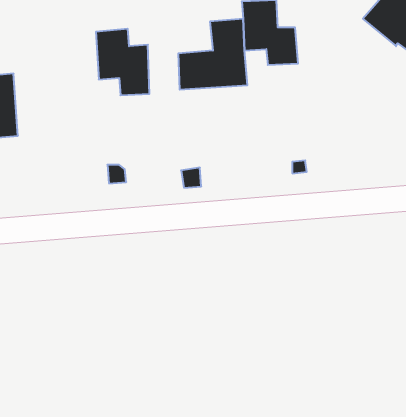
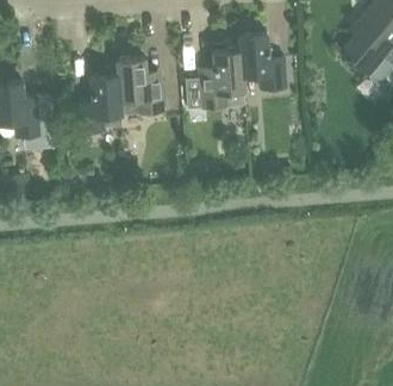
building: none -> [75,58,119,130]

